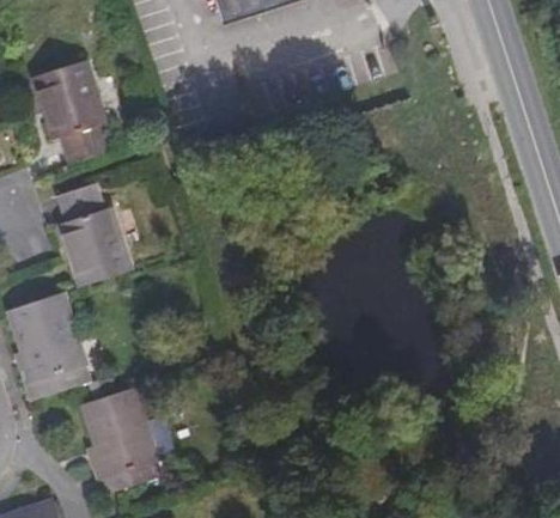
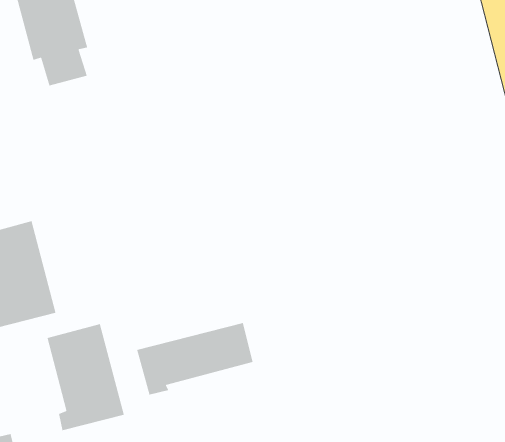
building: [55,181,130,286] -> none
building: none -> [136,322,253,395]

